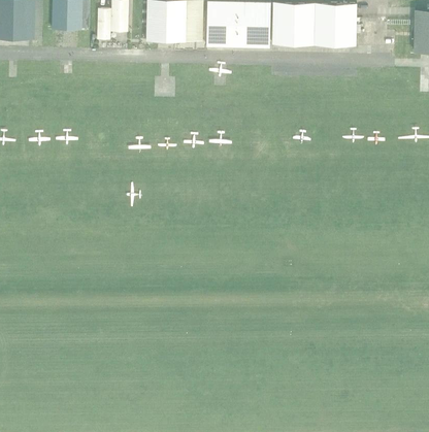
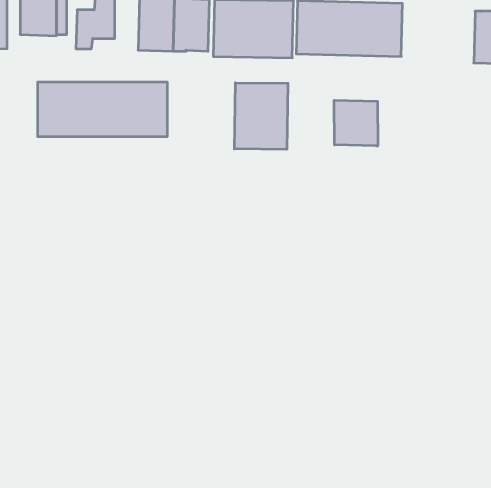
building: none -> [38,82,167,137]
building: none -> [234,83,288,149]
building: none -> [334,100,378,146]

